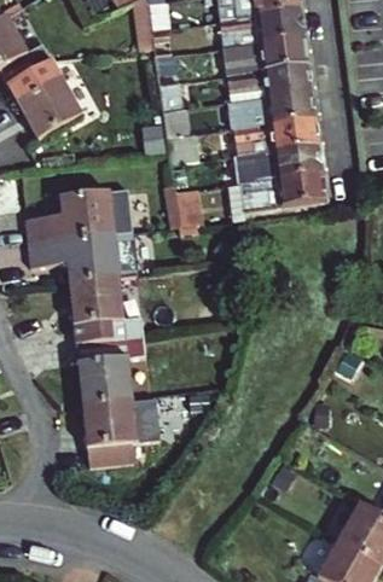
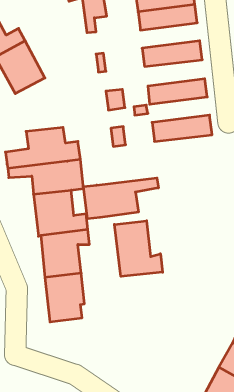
building: [222,34,309,71] -> none
building: [228,88,317,127] -> none
building: [236,142,324,180] -> none
building: none -> [83,178,158,219]
building: none -> [114,221,163,276]

